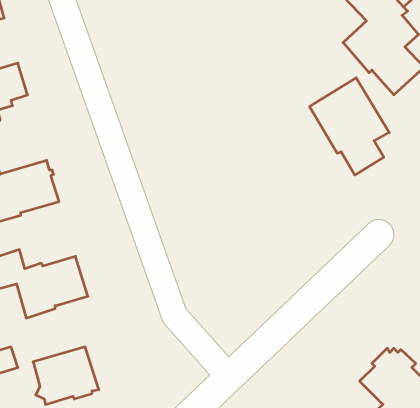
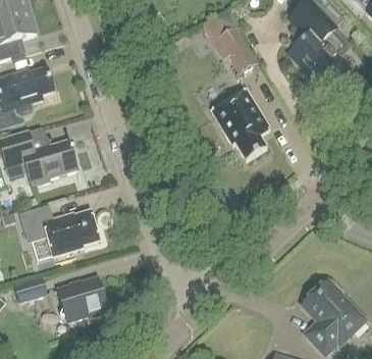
building: none -> [217,27,257,73]
building: [310,78,389,175] -> [211,88,270,160]

